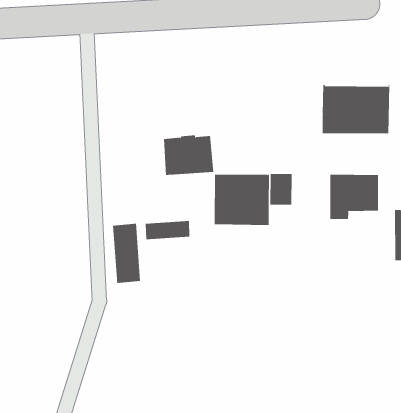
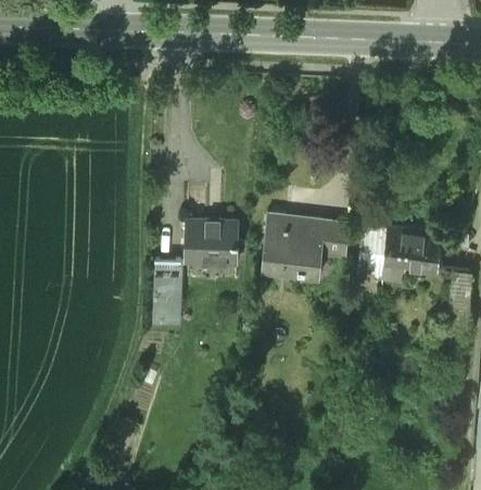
building: [322,84,390,134] -> none
building: [163,135,214,176] -> [183,219,236,261]

